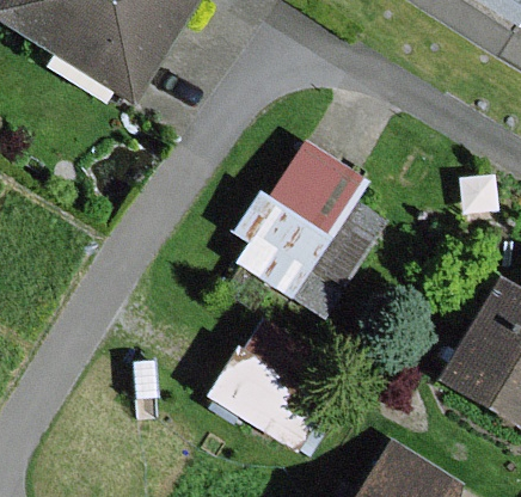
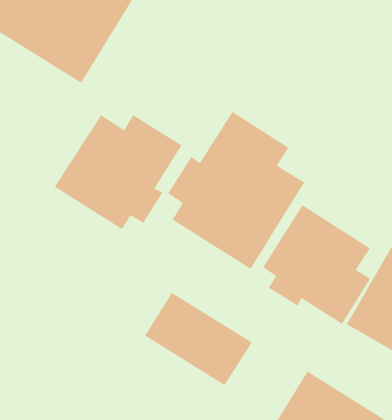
building: none -> [54,114,182,230]
building: none -> [262,204,371,325]

